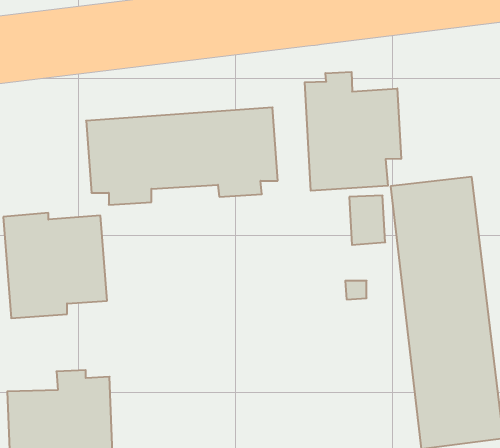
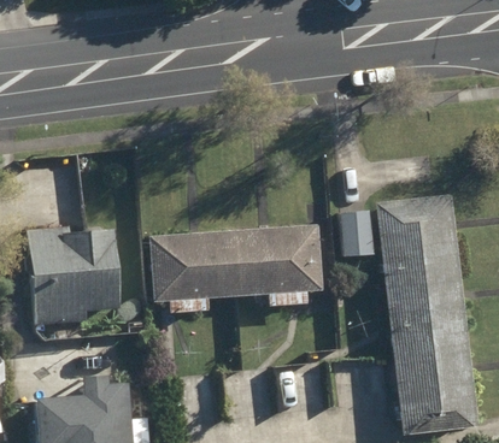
building: [305,72,401,191] -> none
building: [86,107,278,205] -> [149,226,323,314]

